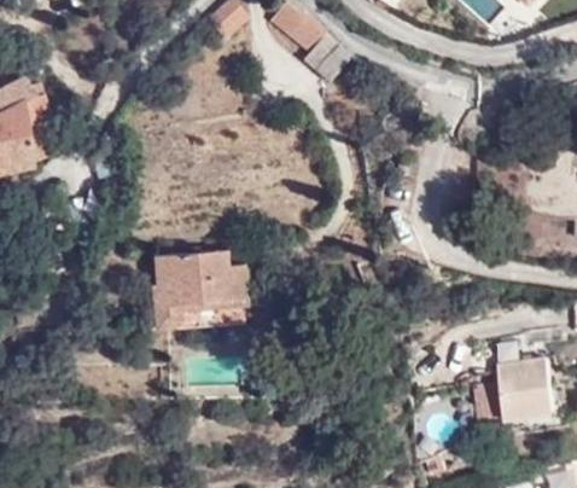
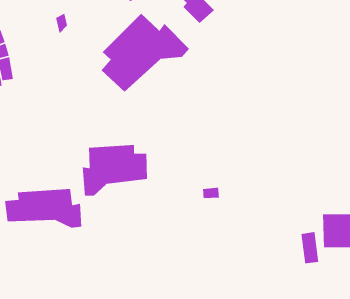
building: none -> [101,13,190,92]
building: none -> [4,188,82,228]

